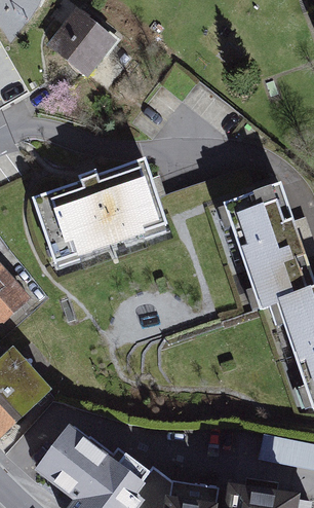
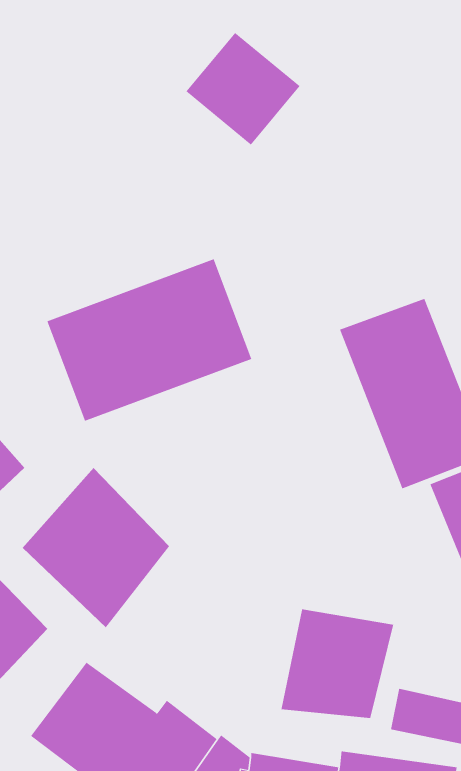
building: [42,16,114,87] -> [185,32,301,146]
building: none -> [22,467,170,628]
building: none -> [281,609,394,719]

